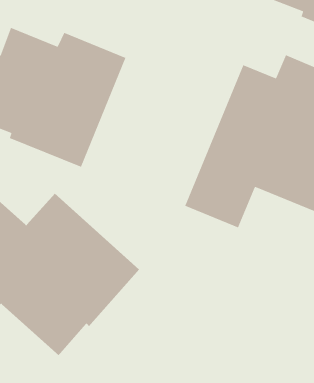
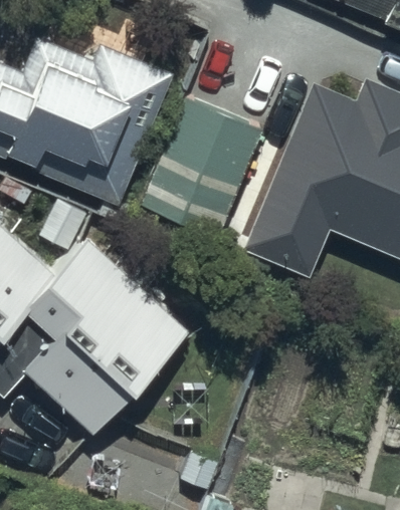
building: none -> [140,94,260,238]

